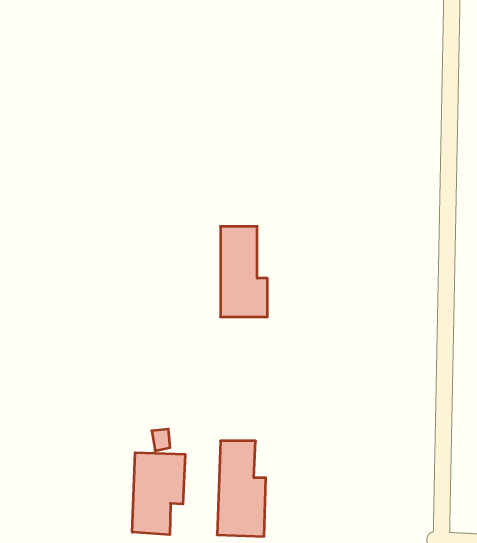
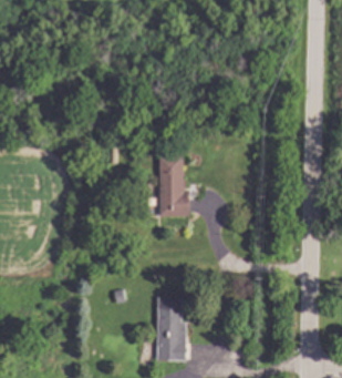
building: [132,453,185,535] -> none

